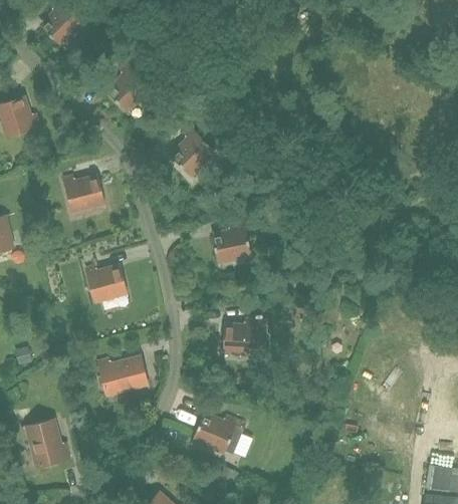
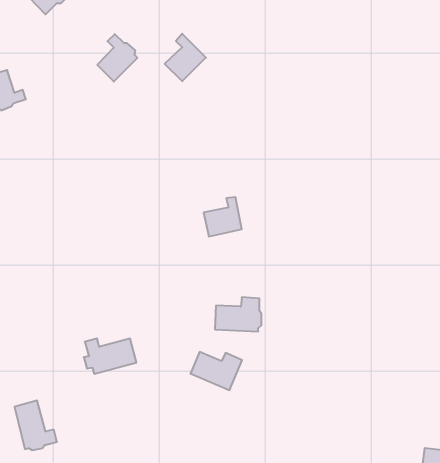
building: [173,128,213,174] -> [165,34,206,81]
building: [64,176,103,210] -> none
building: [85,266,127,299] -> none
building: [195,417,245,454] -> [190,352,242,390]

